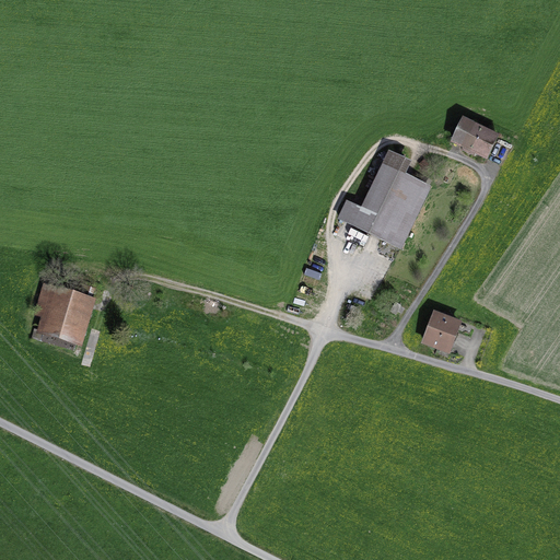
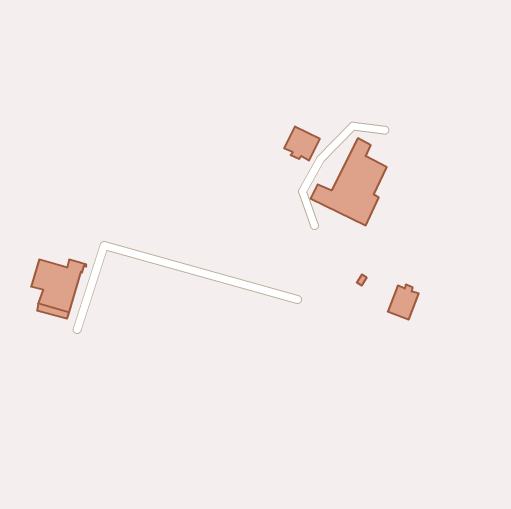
building: [453,119,494,154] -> none
building: none -> [284,126,320,161]

